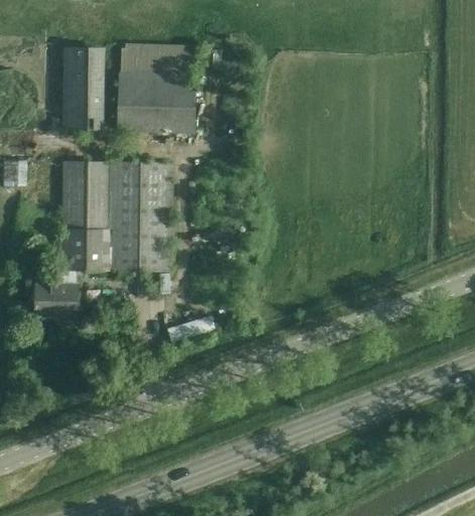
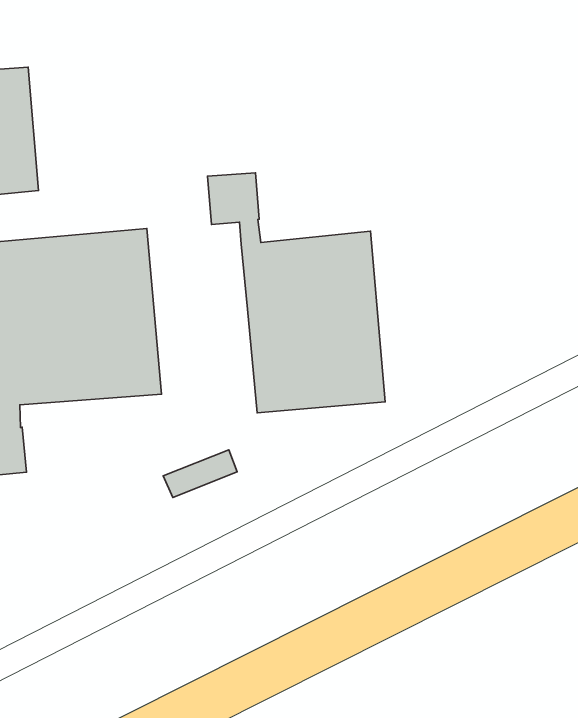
building: [116,43,196,132] -> none
building: none -> [208,173,385,413]

